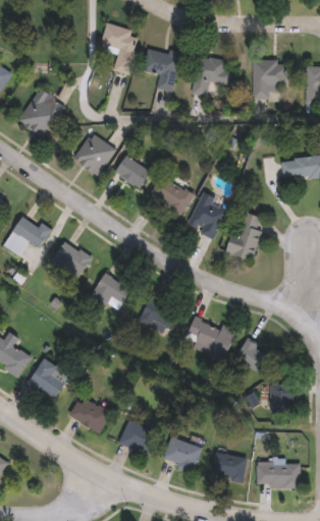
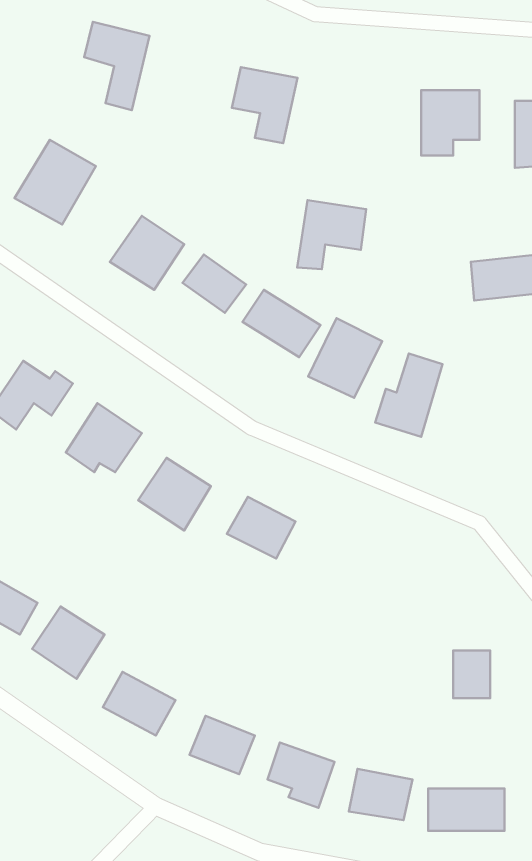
building: [101,22,139,73] -> [84,22,150,110]
building: [192,55,231,95] -> [297,200,366,269]
building: [186,319,232,359] -> none
building: [235,338,269,371] -> none

